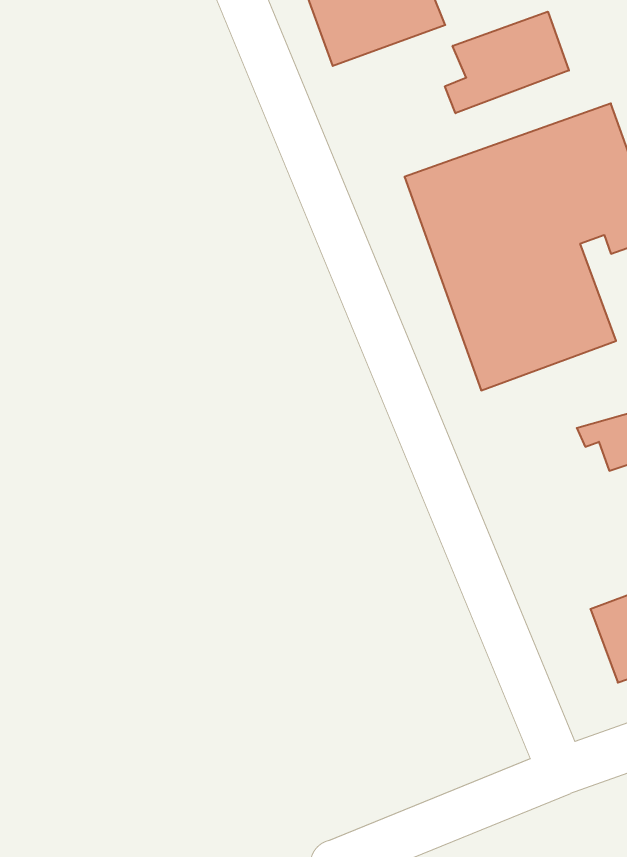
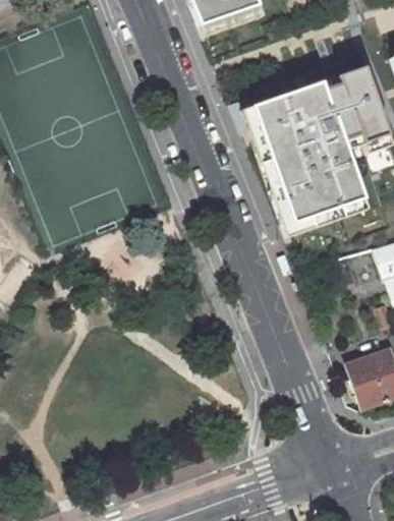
building: [445,12,569,113] -> none

